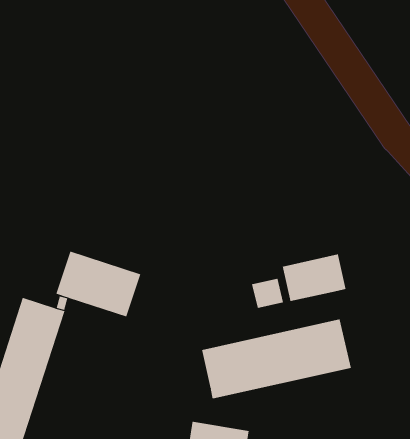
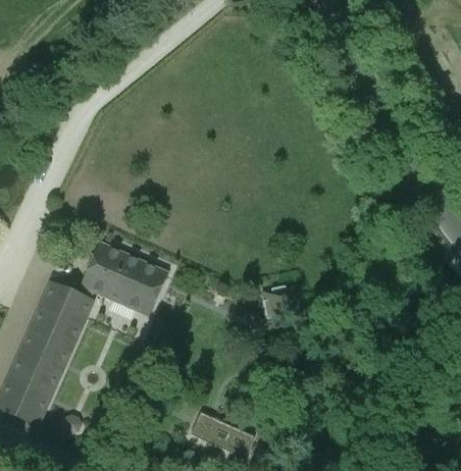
building: [282,254,346,302] -> none
building: [202,318,351,399] -> none

